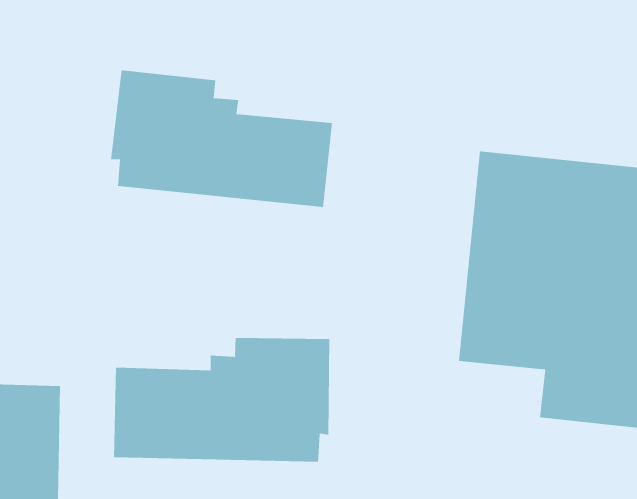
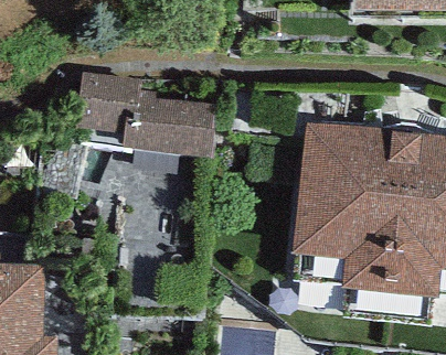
building: [114,337,330,463] -> none

